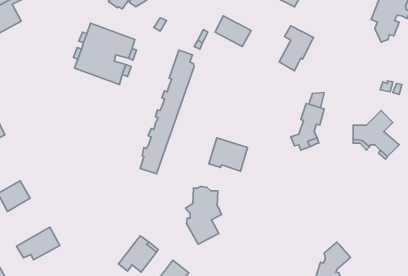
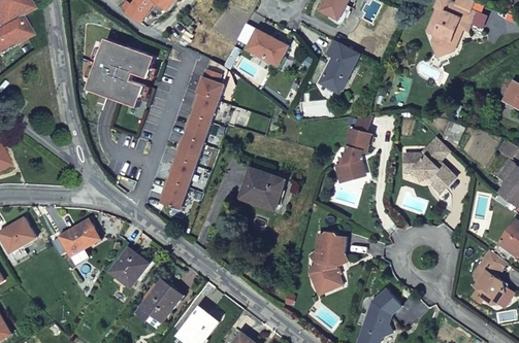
building: [185,186,222,244] -> [309,232,350,298]
building: none -> [109,247,149,287]
building: [16,227,60,260] -> [51,218,100,255]

